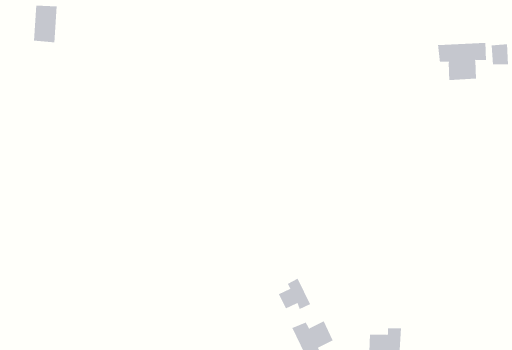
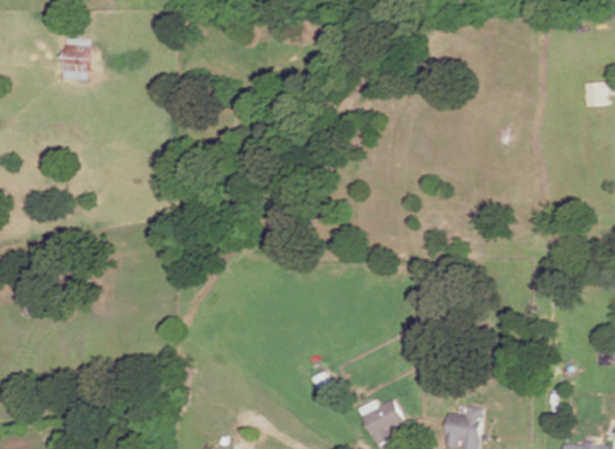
building: [438,42,486,81] -> none
building: [278,278,311,310] -> none

